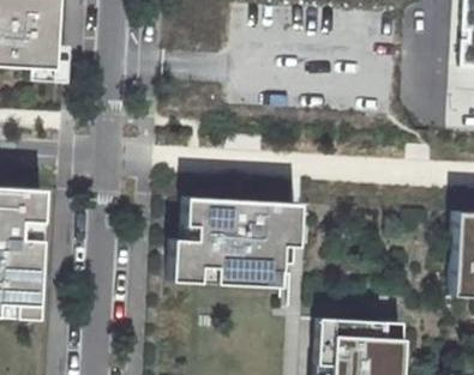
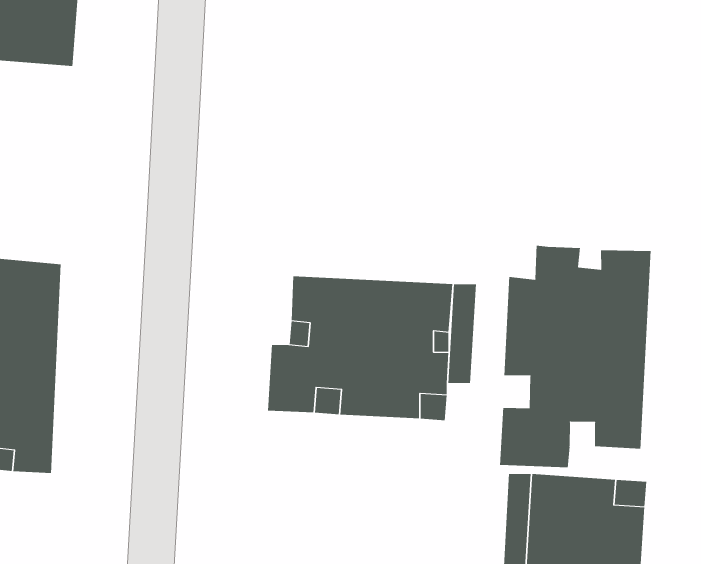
building: none -> [499,245,651,468]

